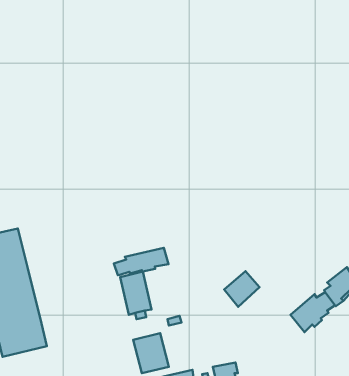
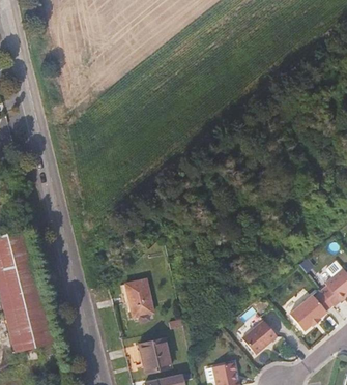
building: [114,248,168,275] -> none
building: [224,271,260,307] -> [243,320,278,354]

